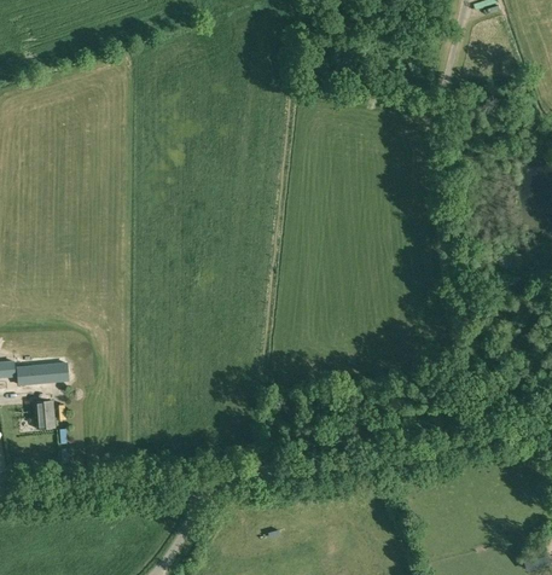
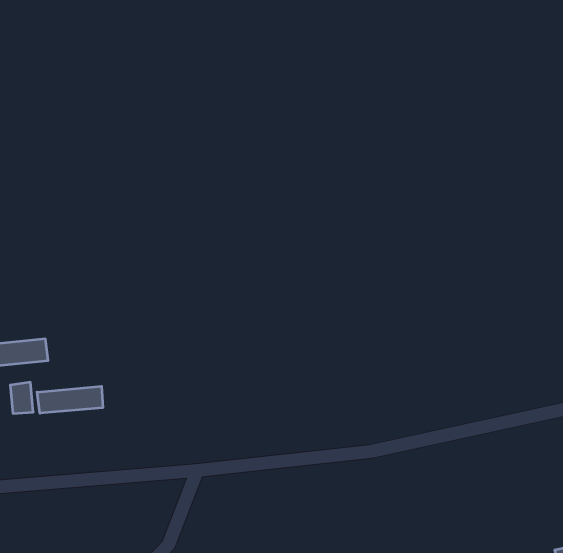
building: none -> [37,386,103,413]

